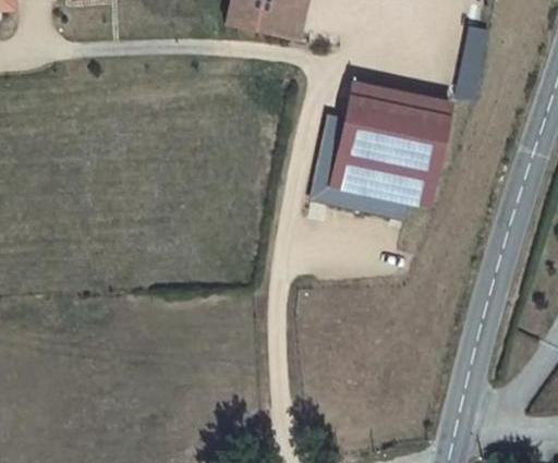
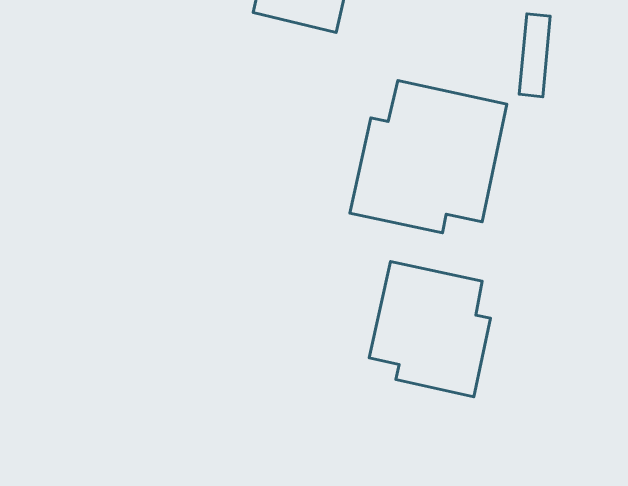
building: none -> [369,261,490,397]

